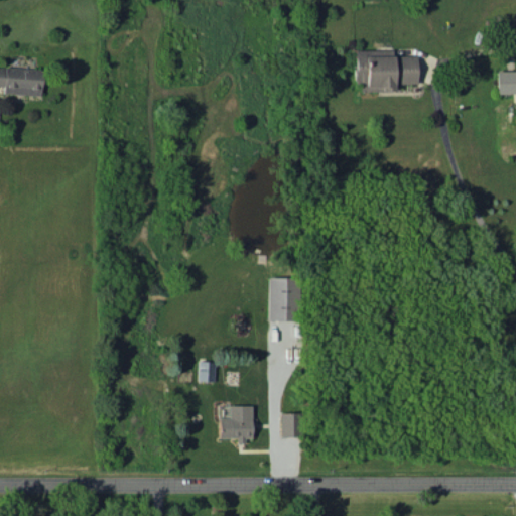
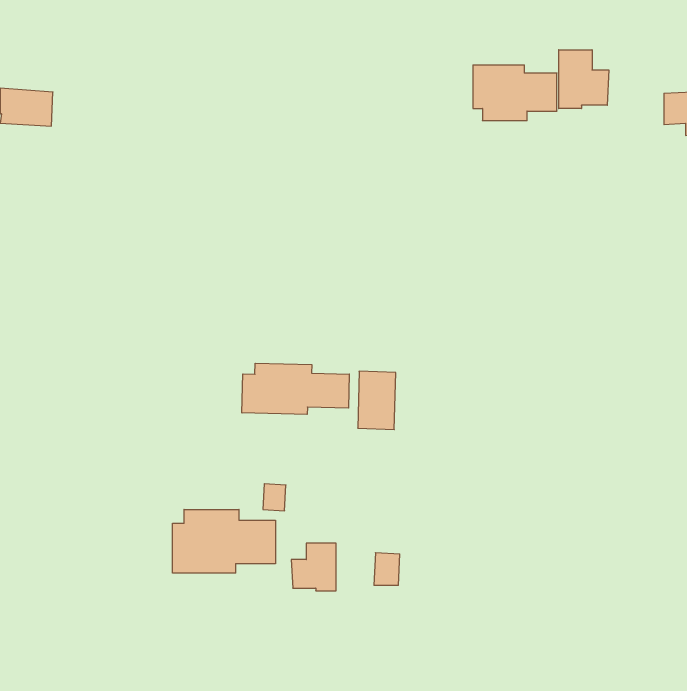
building: none -> [559,50,609,109]
building: none -> [242,363,349,414]
building: none -> [173,509,275,573]

